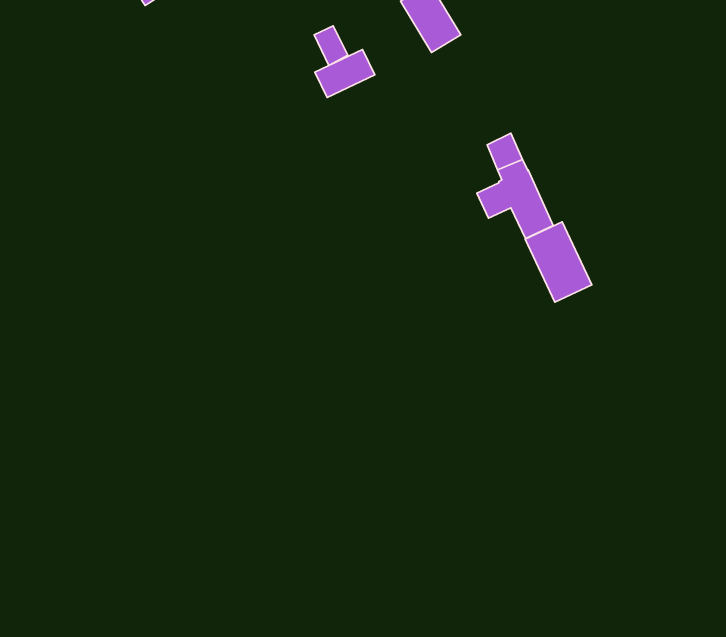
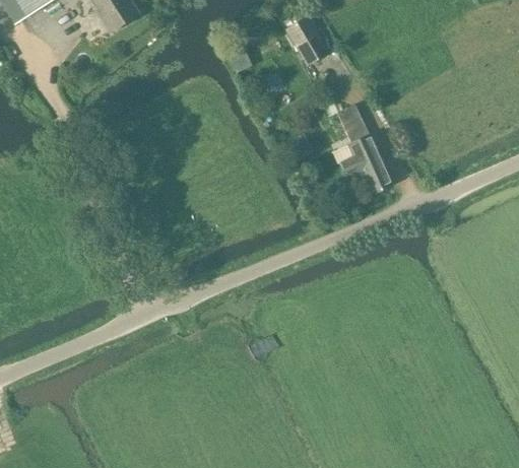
building: [315,49,375,98] -> none
building: [525,222,592,302] -> none

